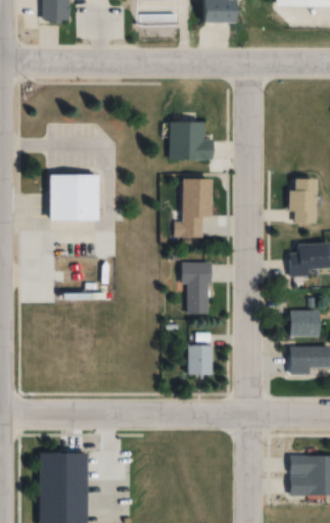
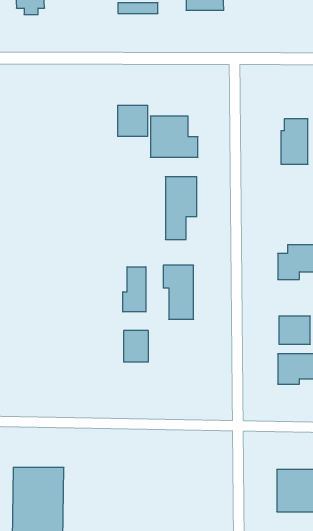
building: none -> [118,105,148,136]
building: [48,175,99,221] -> none
building: [291,179,317,222] -> [281,119,308,164]
building: none -> [123,267,146,312]
building: [188,345,211,375] -> [124,331,148,362]

